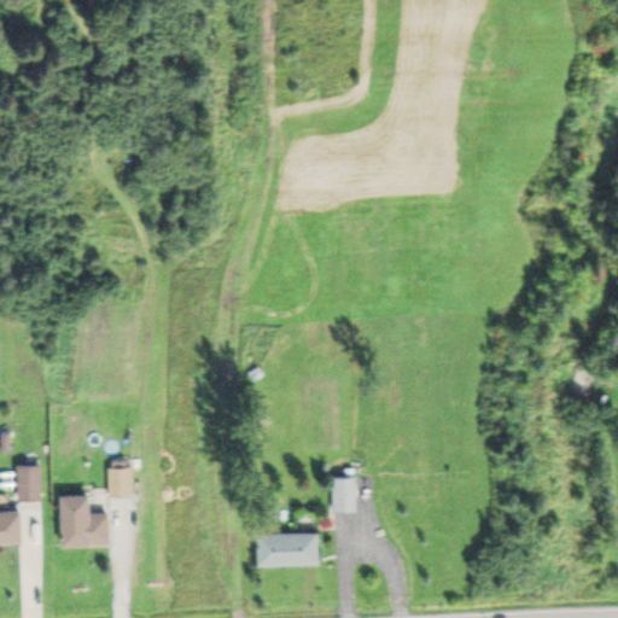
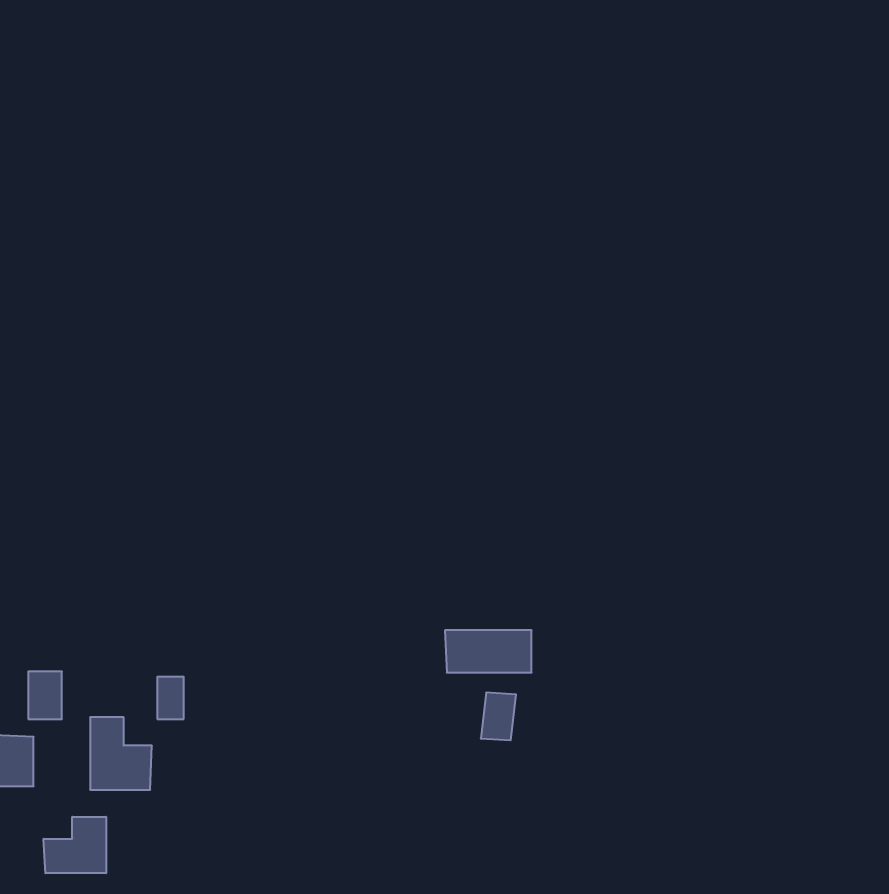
building: [253,536,313,565] -> [445,630,532,673]
building: none -> [44,817,106,873]

